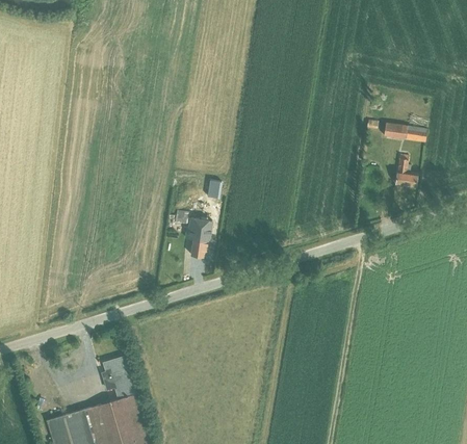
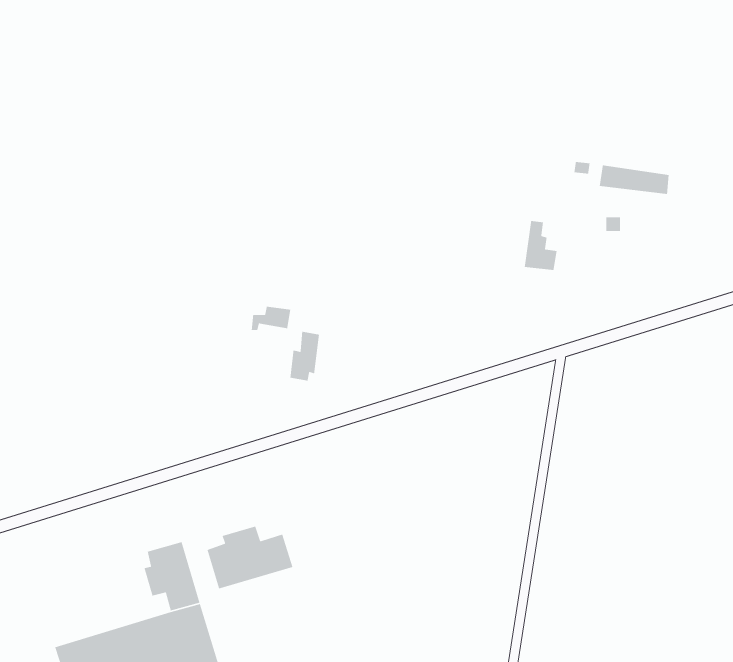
building: [395,155,416,186] -> [524,220,557,271]
building: none -> [207,526,294,589]

